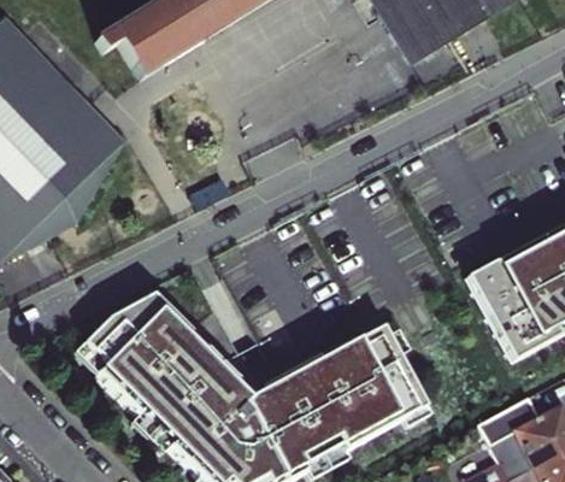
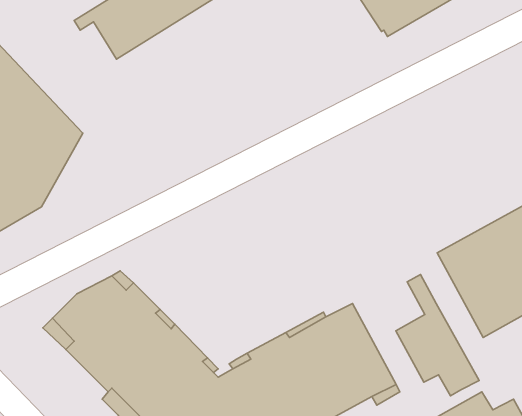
building: none -> [396,275,479,396]

